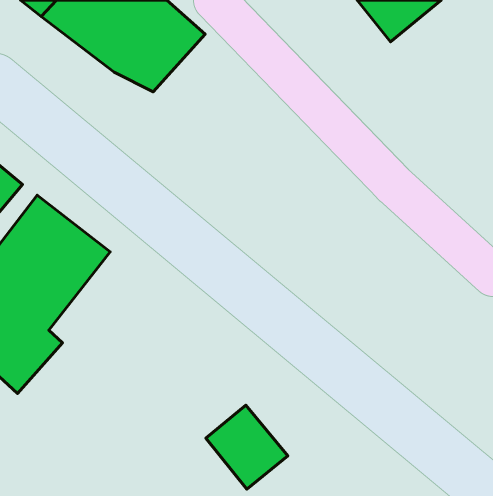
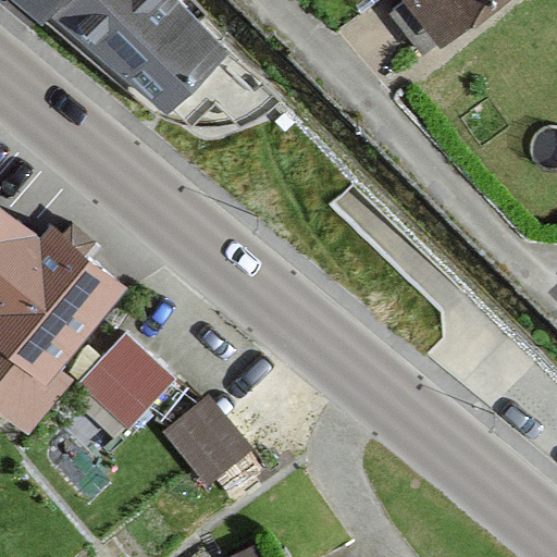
building: none -> [70,342,164,437]
building: [206,405,288,489] -> [161,381,252,474]

